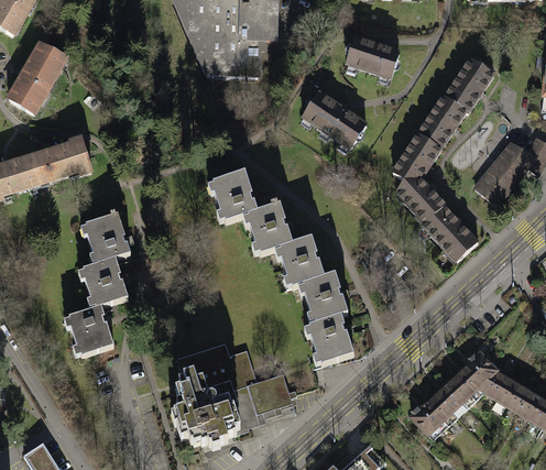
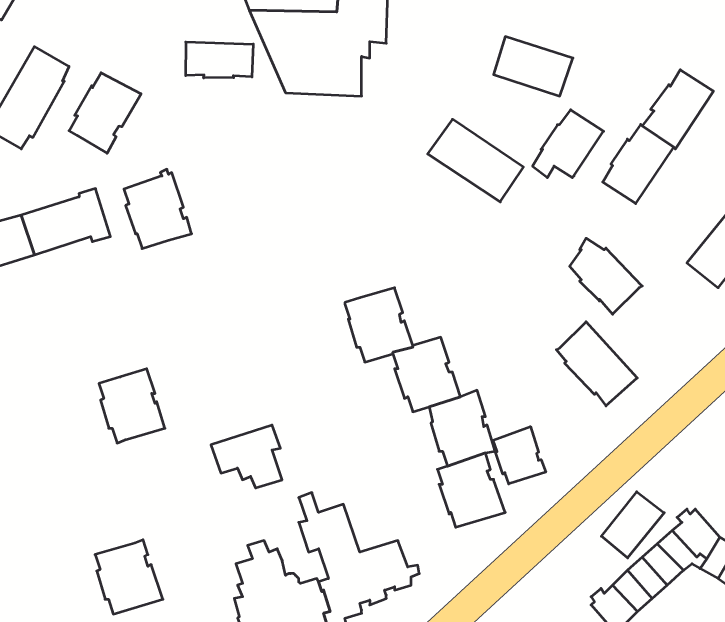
building: none -> [186,42,253,78]
building: none -> [69,73,141,153]
building: [393,132,440,177] -> [533,110,604,178]
building: [211,171,256,220] -> none
building: [423,203,477,259] -> [556,322,637,406]
building: [85,209,130,262] -> [124,169,192,249]
building: none -> [493,427,546,484]
building: [68,304,113,353] -> [95,540,163,614]
building: none -> [601,492,664,558]
building: [175,342,222,384] -> [211,425,282,488]

